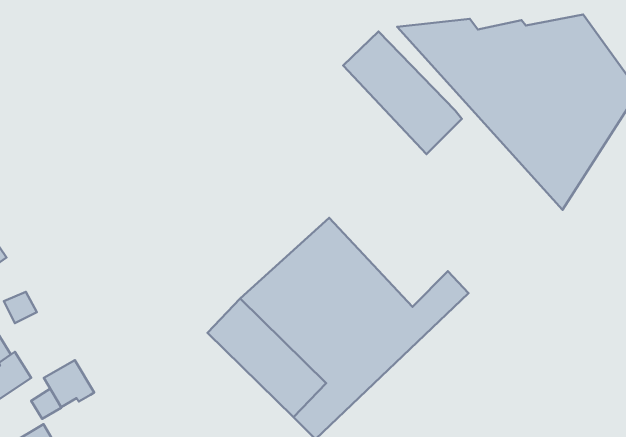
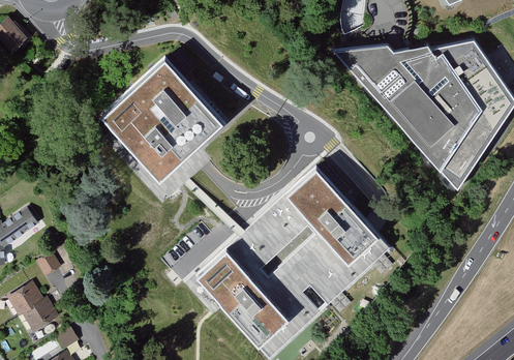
building: [343,31,462,154] -> [282,168,372,261]
building: none -> [102,66,221,185]
building: [44,360,94,407] -> none

